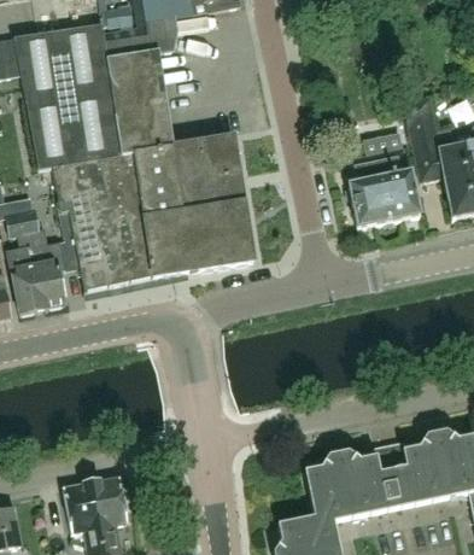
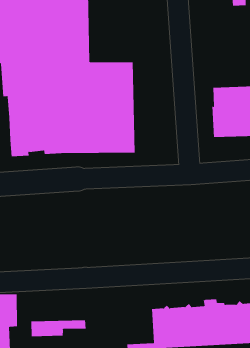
building: none -> [31,319,86,337]

